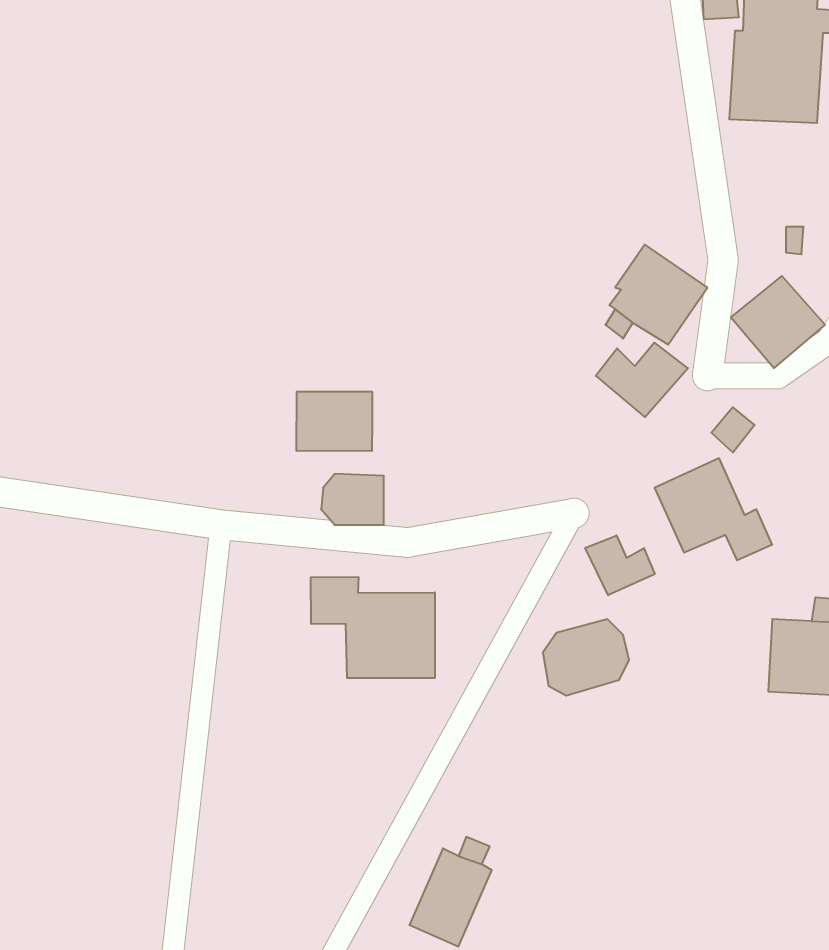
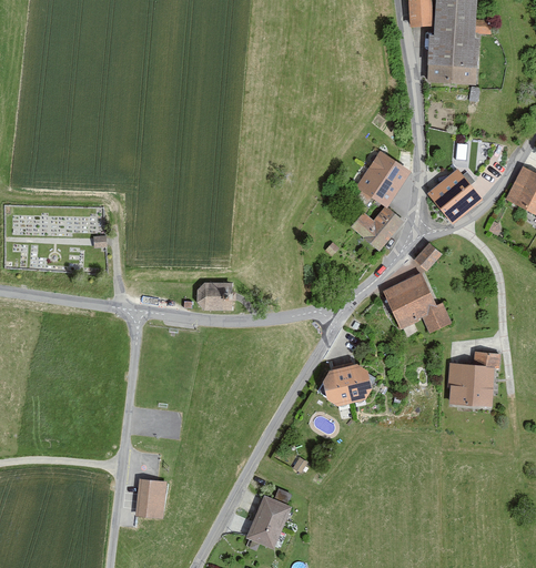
building: [297,392,372,451] -> none
building: [585,535,655,595] -> none
building: [311,577,435,678] -> none
building: none -> [136,478,168,517]

